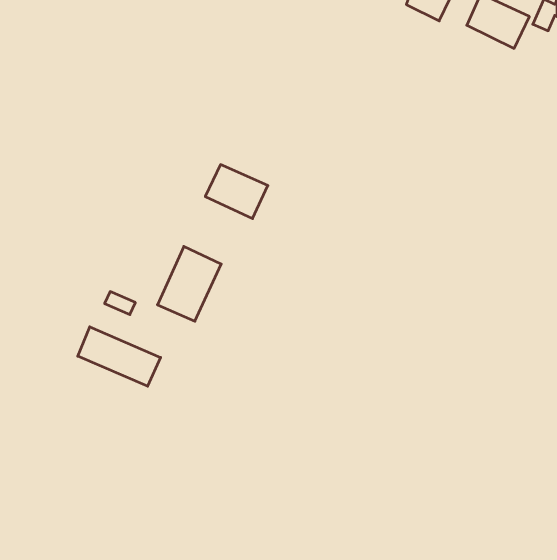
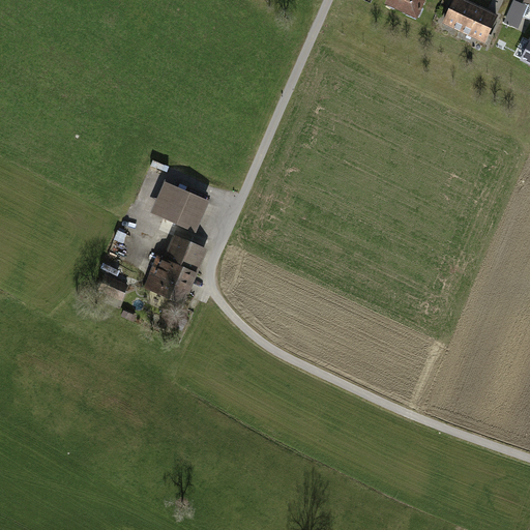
building: [205,165,268,219] -> [150,180,209,231]
building: [78,327,161,386] -> none

